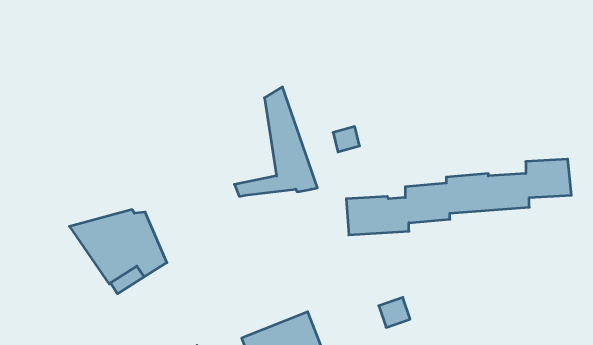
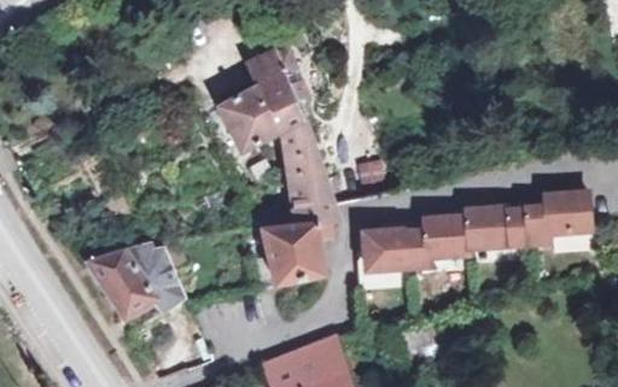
building: none -> [220,48,301,148]
building: none -> [263,221,331,283]

